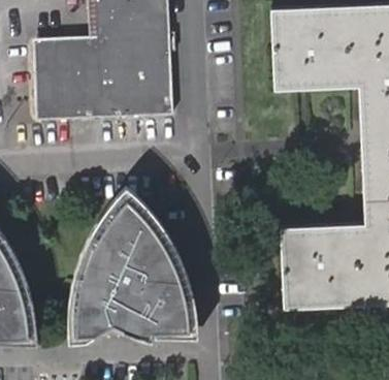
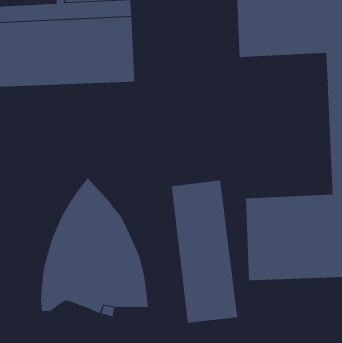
building: none -> [171,179,238,324]

